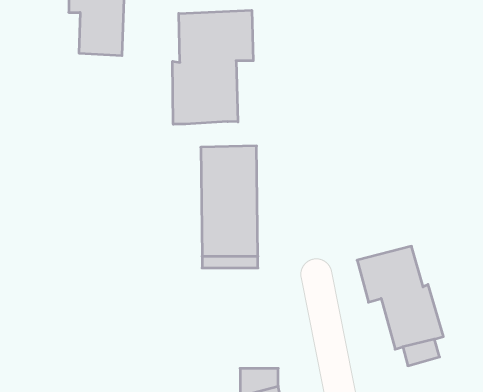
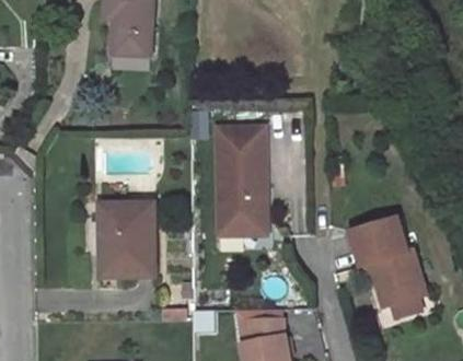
building: [173,10,253,124] -> none
building: none -> [100,200,153,272]

